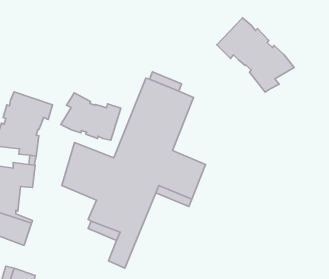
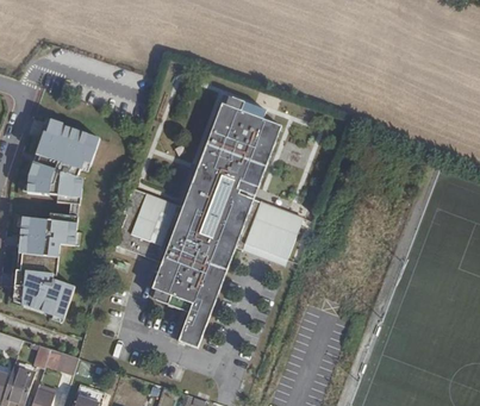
building: [217,18,294,92] -> none
building: [61,93,121,140] -> none

